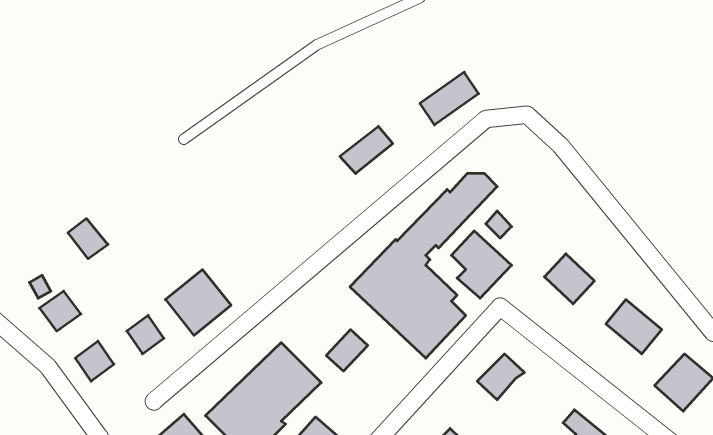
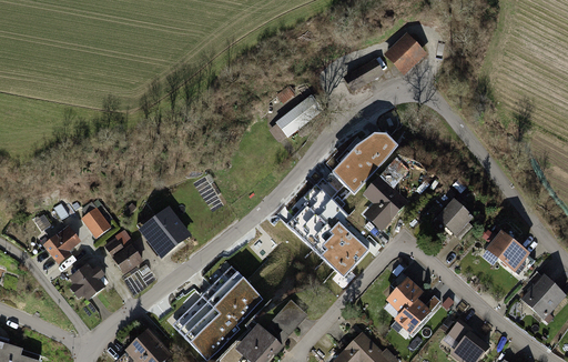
building: none -> [382,29,430,78]
building: [68,219,108,259] -> [77,209,108,240]
building: [326,330,368,371] -> [272,300,304,332]
building: none -> [393,294,430,332]

